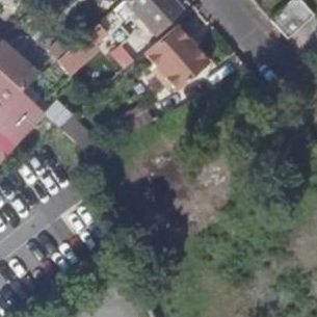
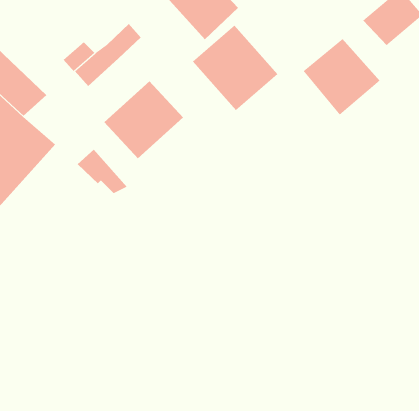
building: none -> [303,38,381,116]
building: none -> [104,80,184,159]

